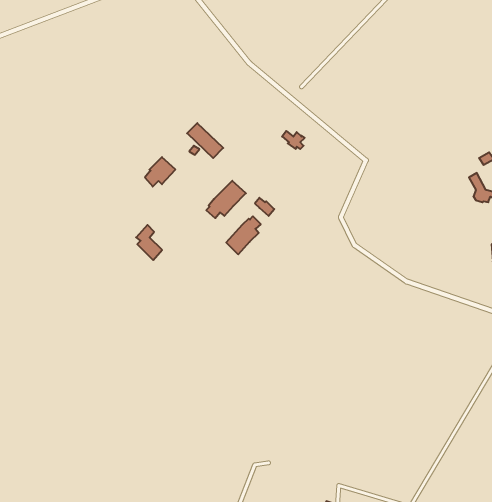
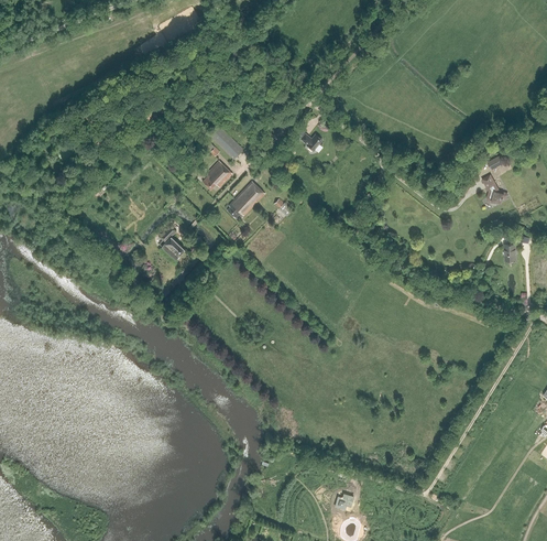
building: [145,157,175,187] -> [203,160,232,188]
building: [226,216,261,254] -> none

